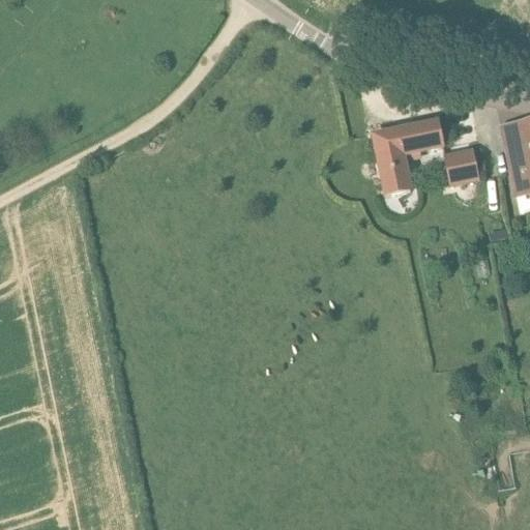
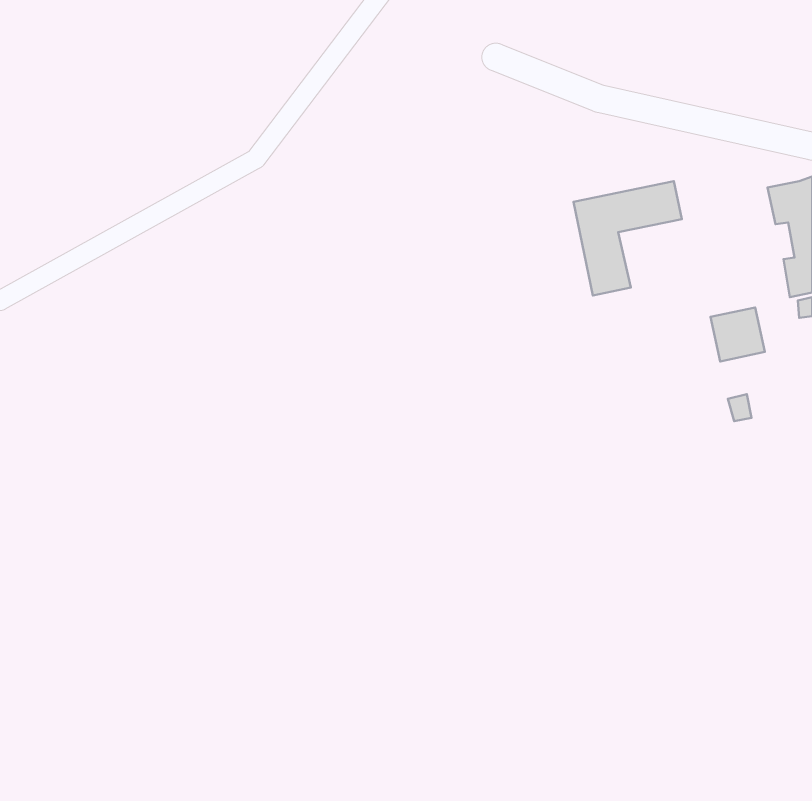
building: [444,147,479,182] -> [711,307,765,361]

